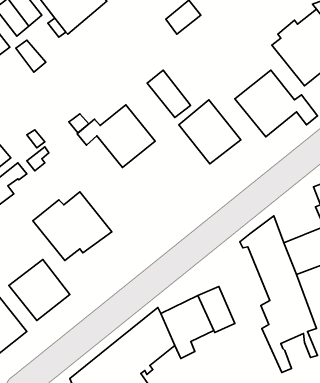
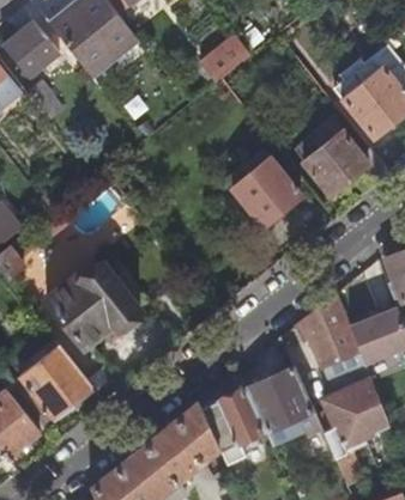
building: [147,70,190,118] -> none
building: [77,105,155,167] -> none
building: none -> [271,367,314,422]

